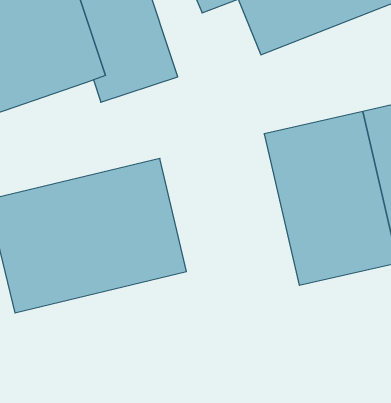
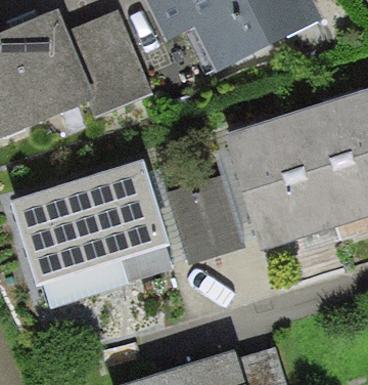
building: none -> [167,175,243,263]

